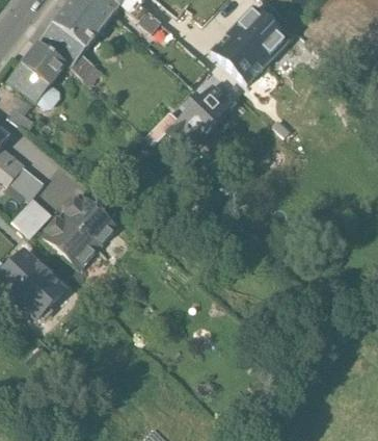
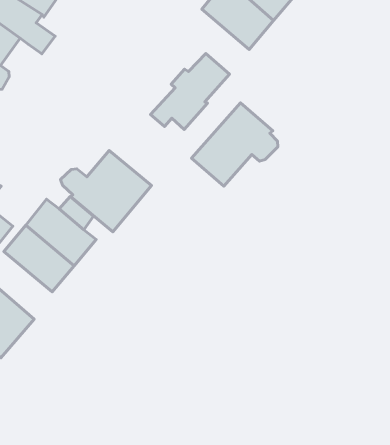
building: none -> [192,103,278,186]
building: none -> [61,150,151,232]

